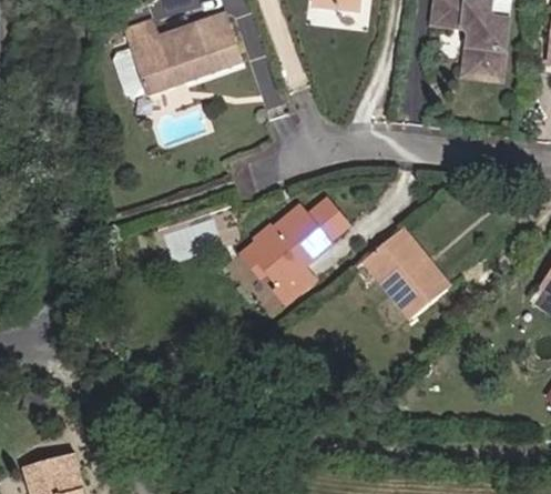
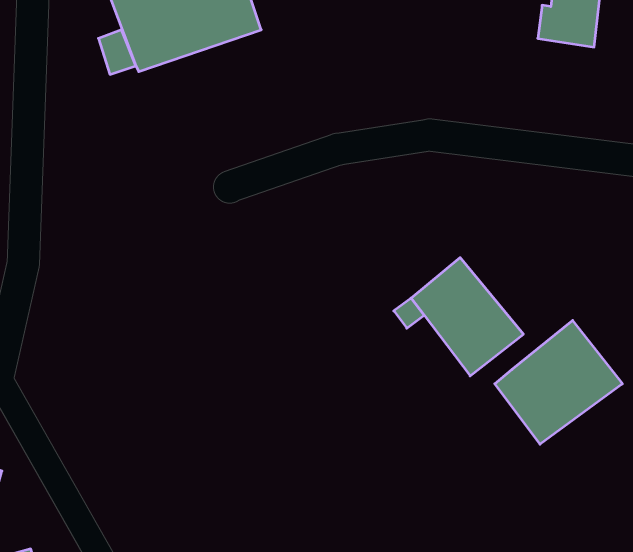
building: [241,203,349,308] -> none
building: none -> [495,320,622,444]

